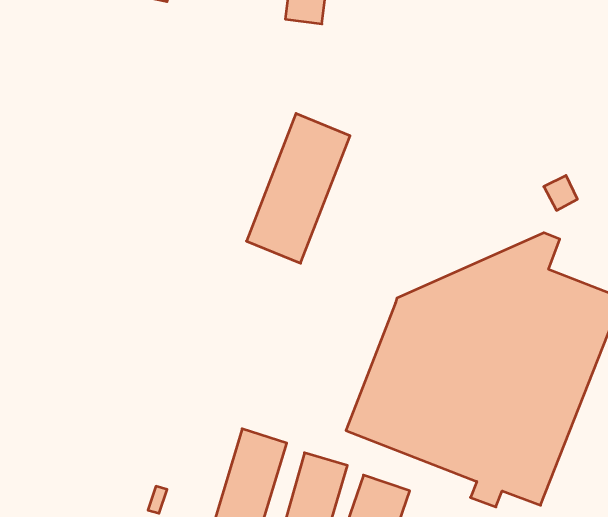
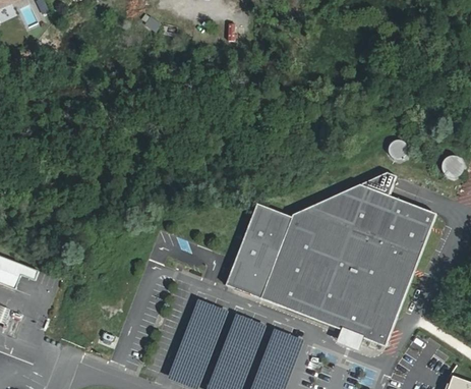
building: [246,113,350,263] -> [227,203,293,298]

